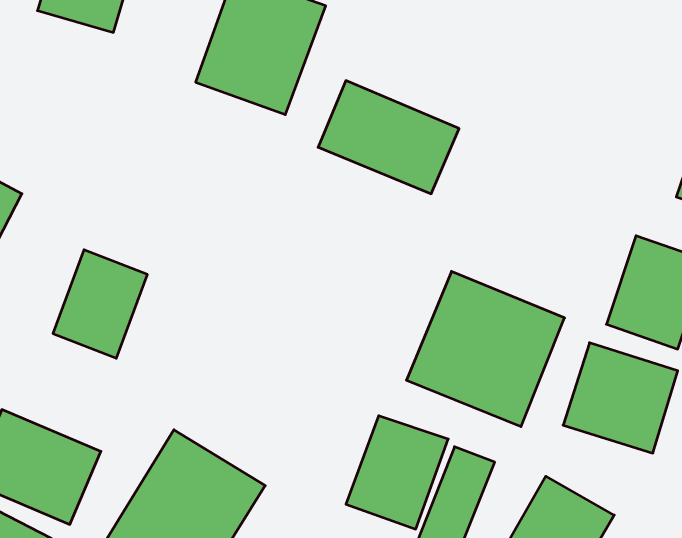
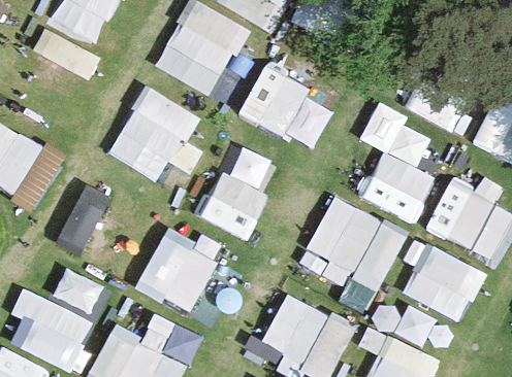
building: none -> [113,90,200,192]
building: none -> [346,105,442,219]
building: none -> [202,146,280,240]
building: none -> [137,232,216,313]

